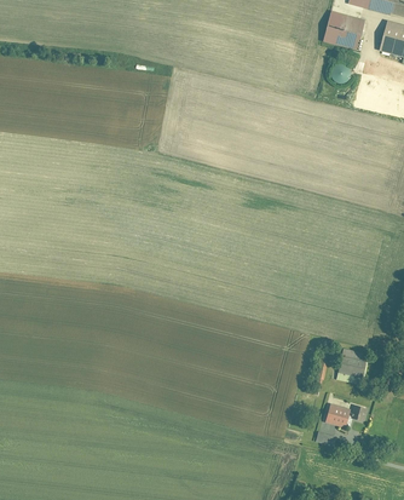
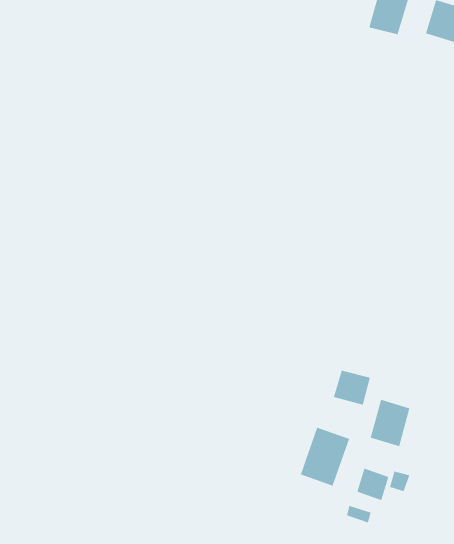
building: none -> [333,370,370,406]
building: none -> [300,427,350,486]

